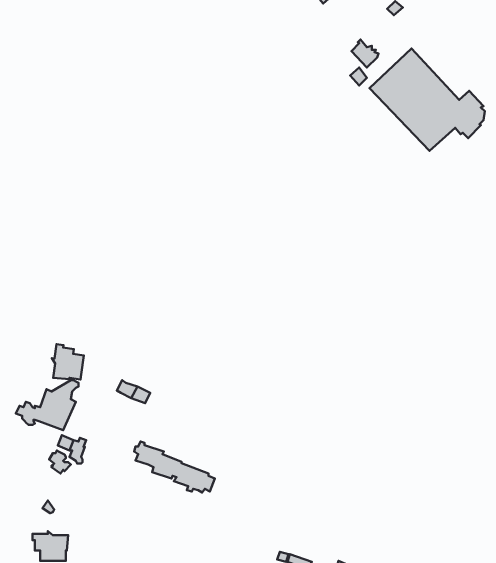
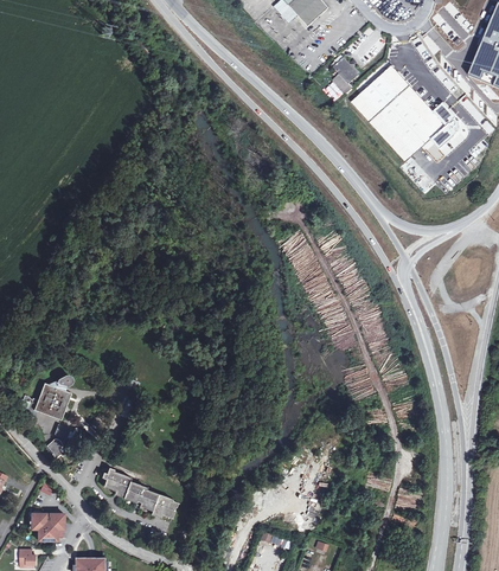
building: [52,344,84,379] -> none
building: [134,441,215,493] -> [100,463,174,511]

